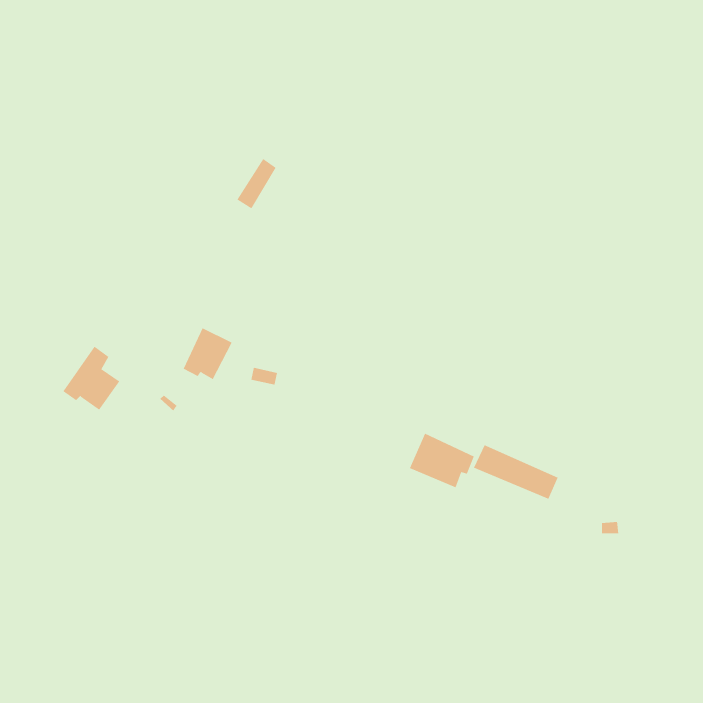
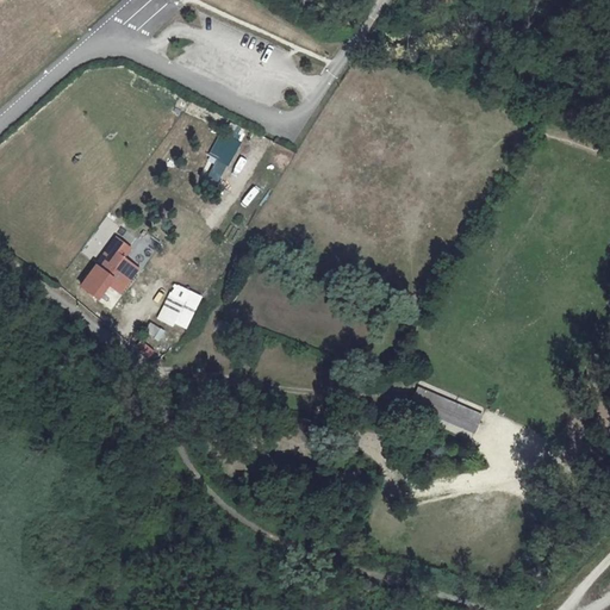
building: [62,346,120,410] -> [87,238,137,294]
building: [409,433,475,488] -> none

